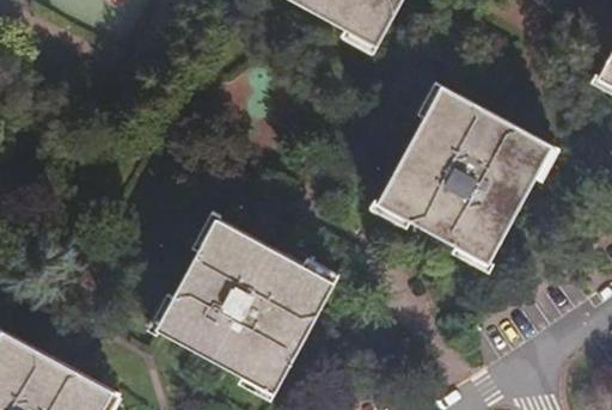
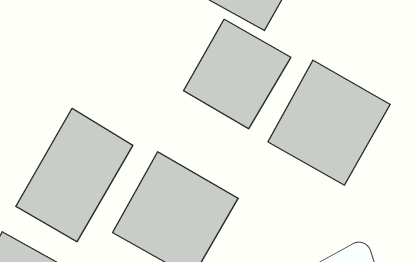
building: none -> [184,19,291,129]
building: none -> [16,108,133,242]

